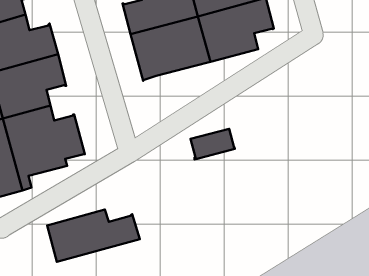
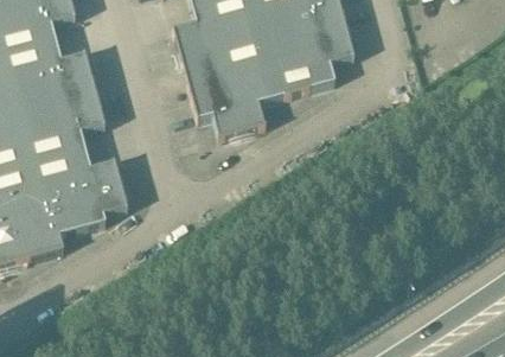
building: [190,129,235,160] -> [212,100,266,136]
building: [47,209,140,262] -> none

